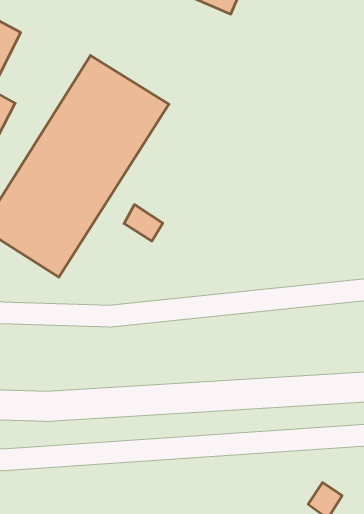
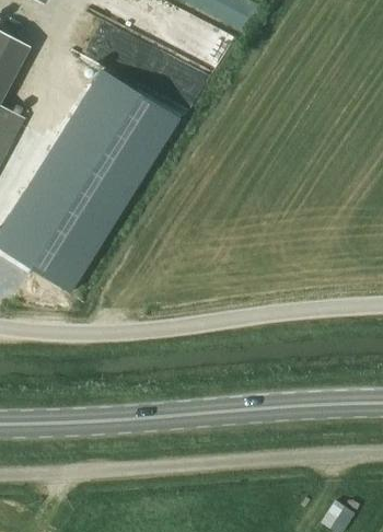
building: [124,205,163,241] -> none

